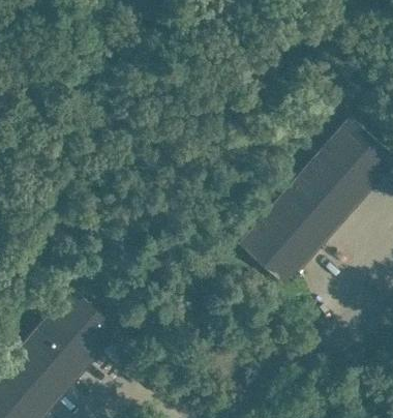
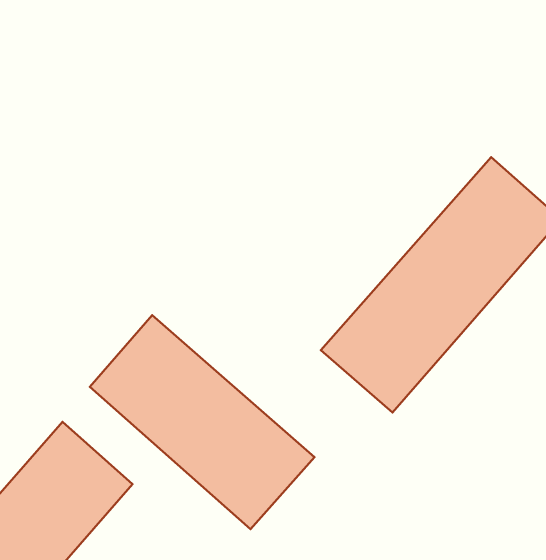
building: none -> [90,315,314,529]

